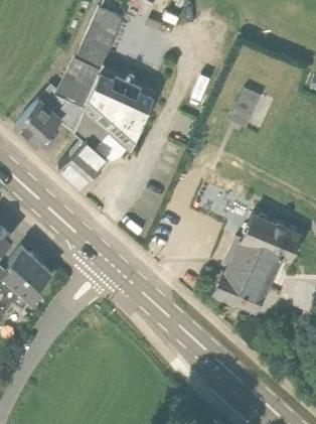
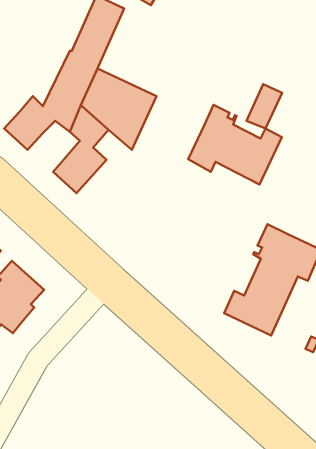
building: none -> [188,105,282,185]

